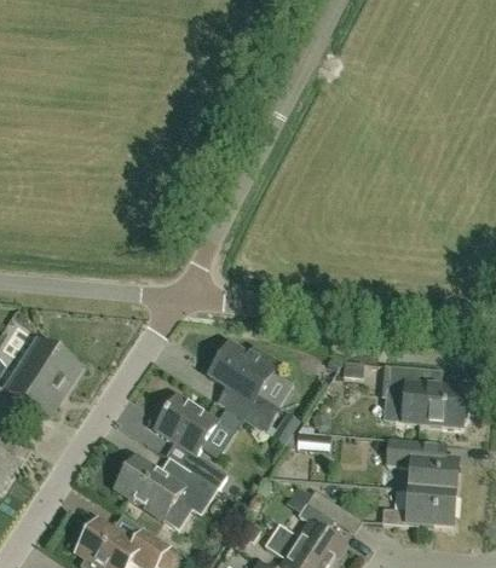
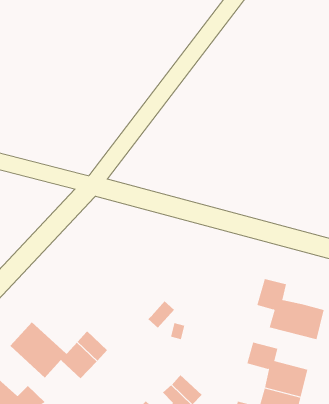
building: [212,346,279,429] -> none
building: [155,395,218,454] -> none

